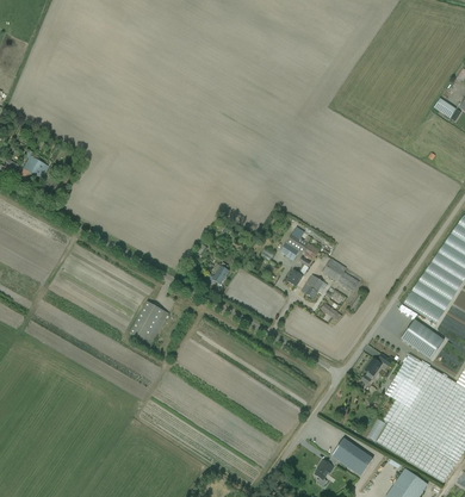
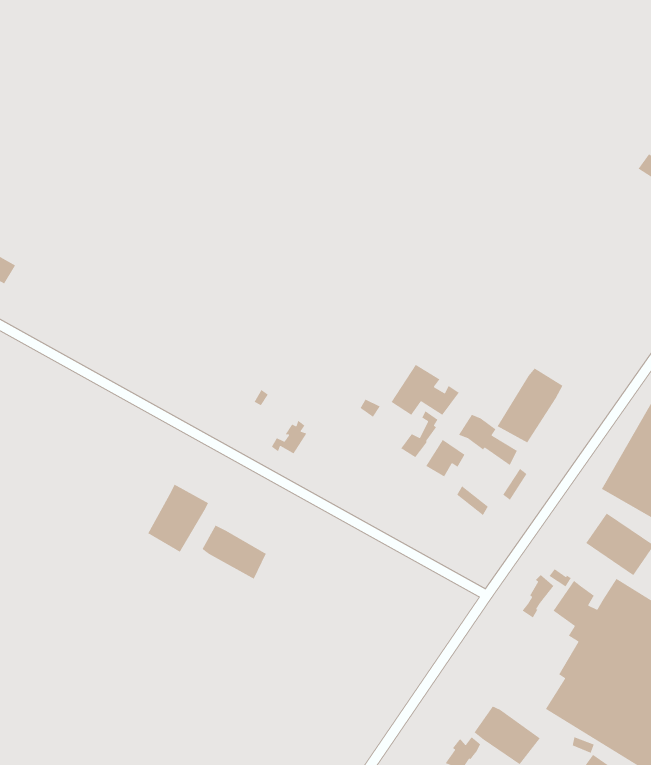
building: none -> [496,368,564,444]
building: none -> [201,524,267,580]

